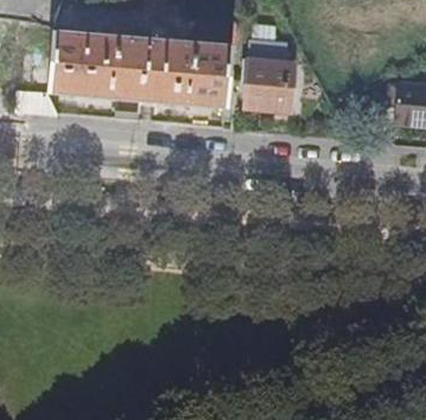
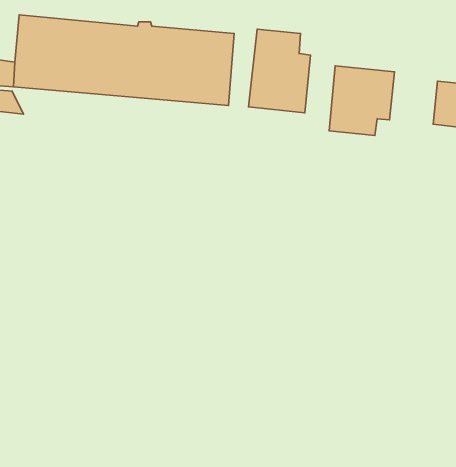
building: none -> [329,66,395,136]

